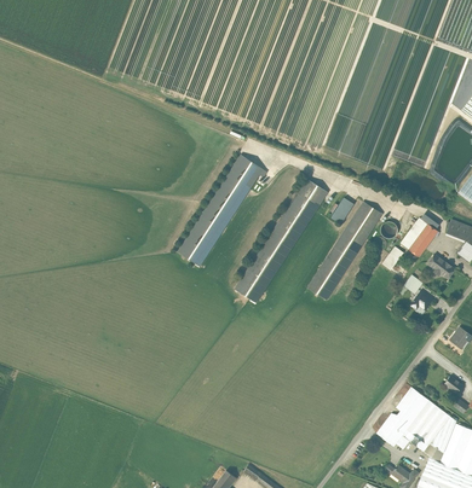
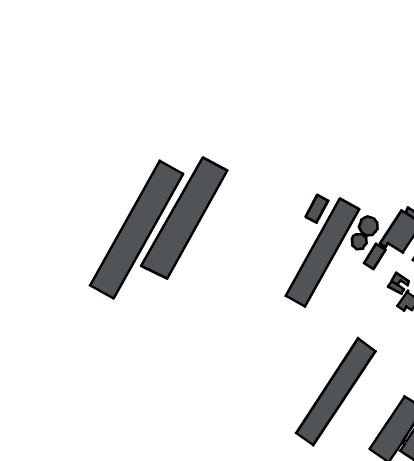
building: [235,179,327,302] -> [90,161,183,298]
building: none -> [296,338,376,445]

